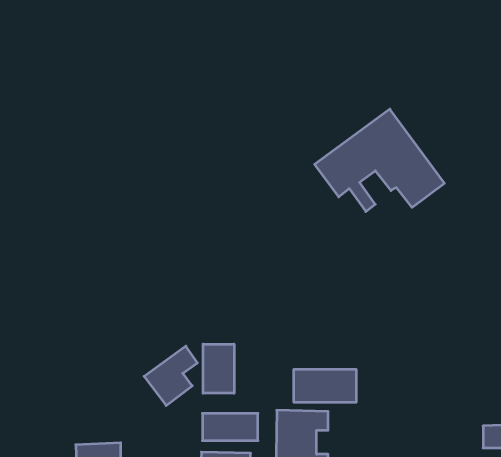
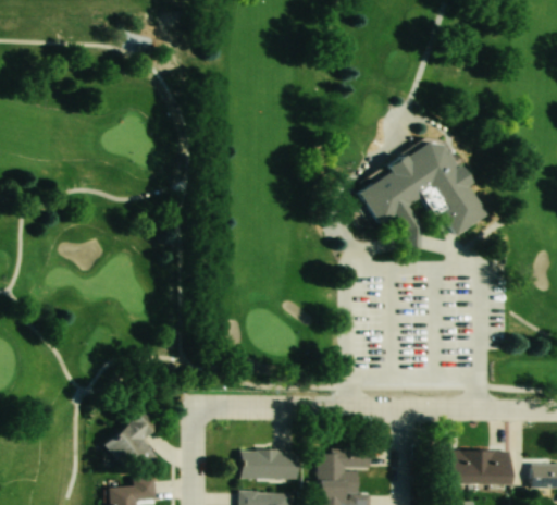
building: [203,344,234,393] -> none
building: [144,346,197,406] -> [103,411,159,473]
building: [294,370,356,402] -> [447,449,512,483]

